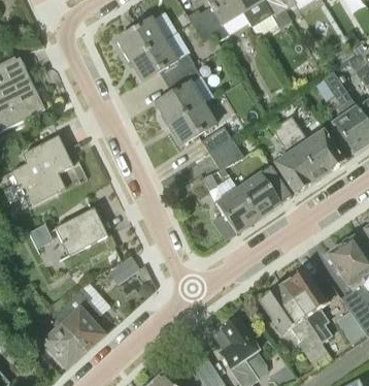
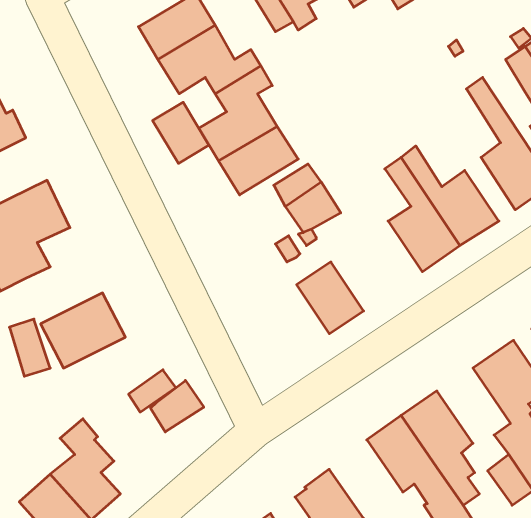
building: none -> [153,102,209,163]
building: [238,166,291,219] -> none
building: none -> [151,380,204,432]

